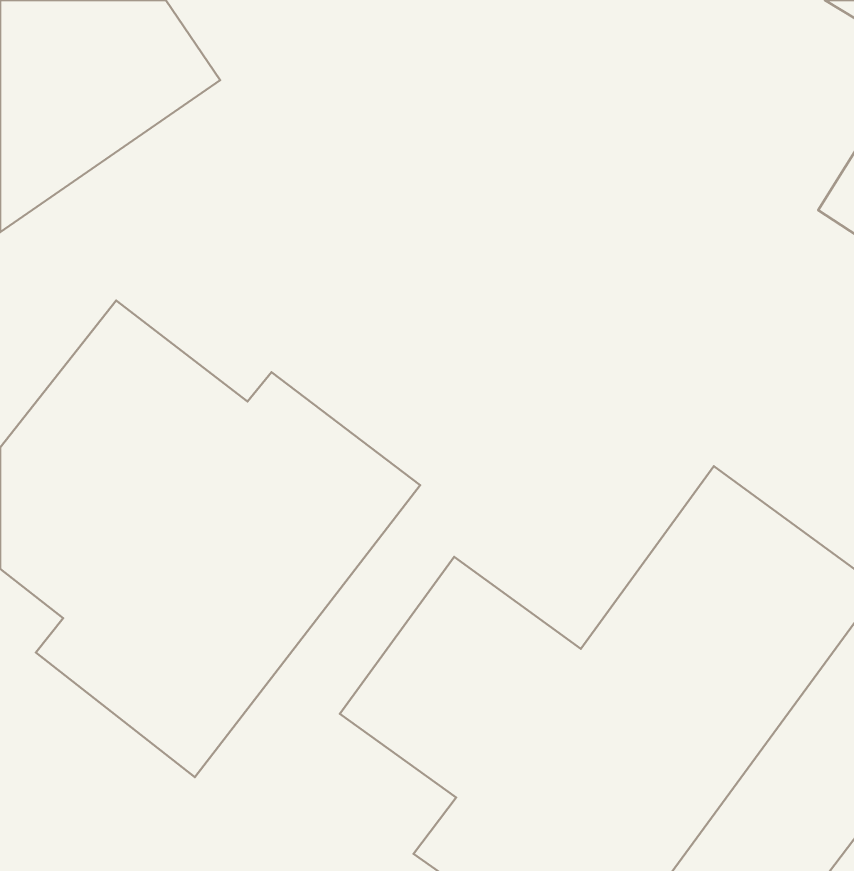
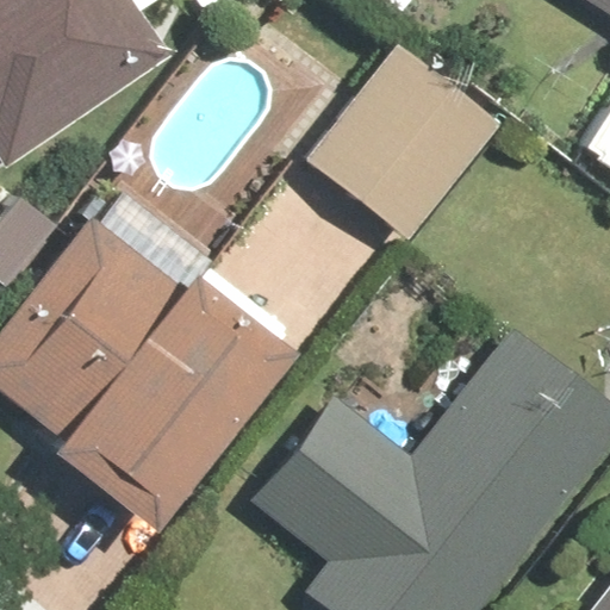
building: none -> [303,42,498,242]

